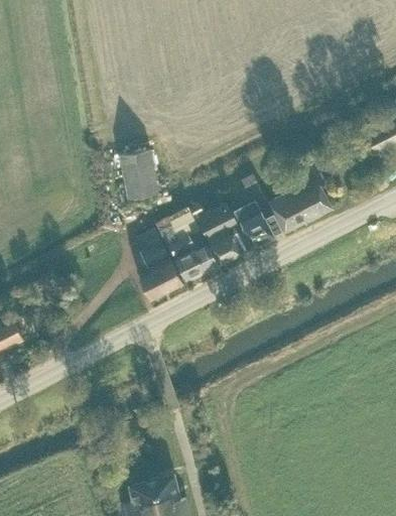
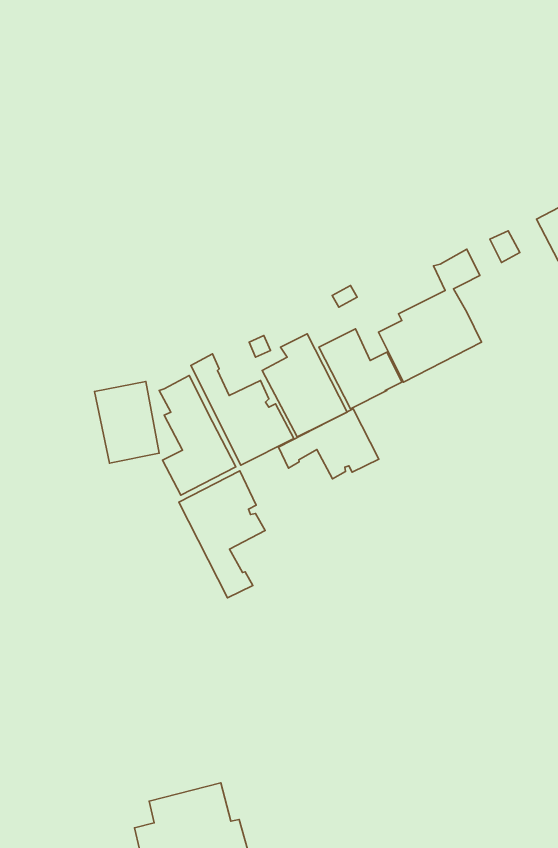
building: [118,149,157,199] -> [94,382,159,463]
building: none -> [279,409,379,479]
building: none -> [179,471,265,598]

